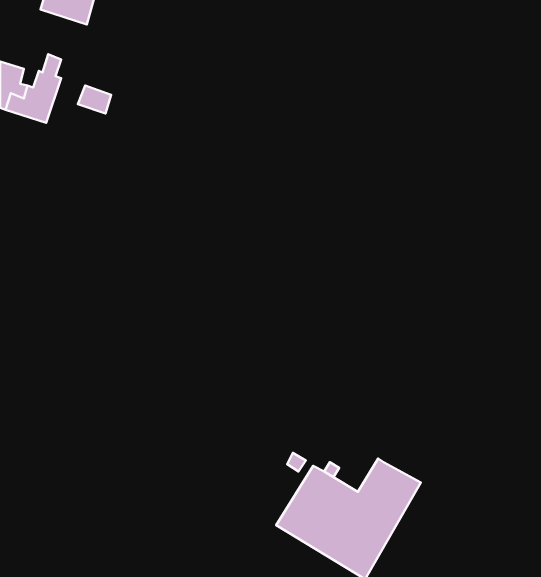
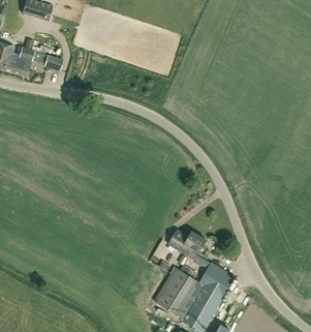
building: none -> [168,230,207,264]

